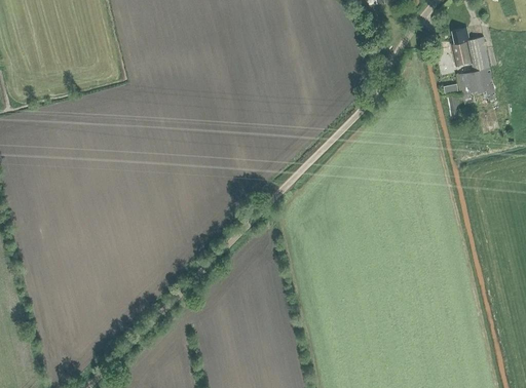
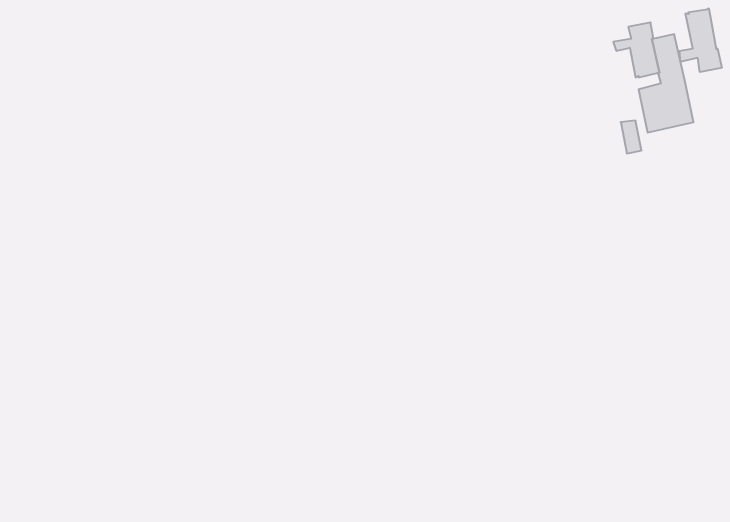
building: none -> [680,8,722,72]

